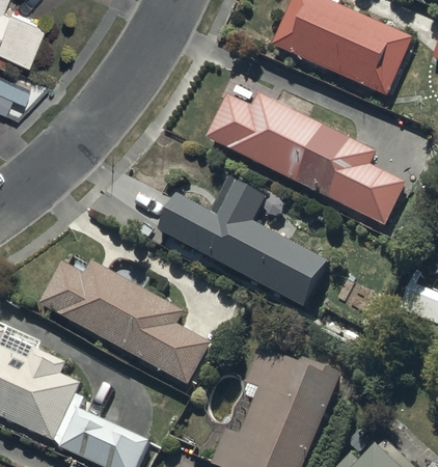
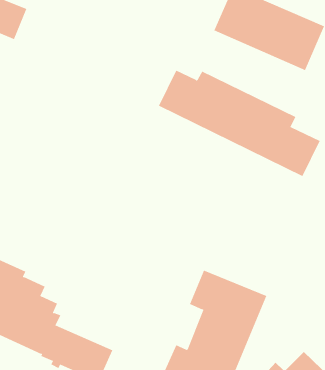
building: [159,182,326,304] -> none
building: [43,262,210,383] -> none

